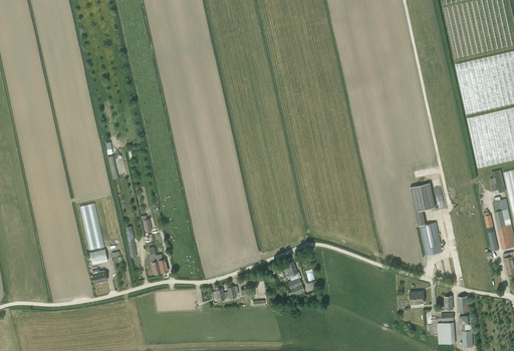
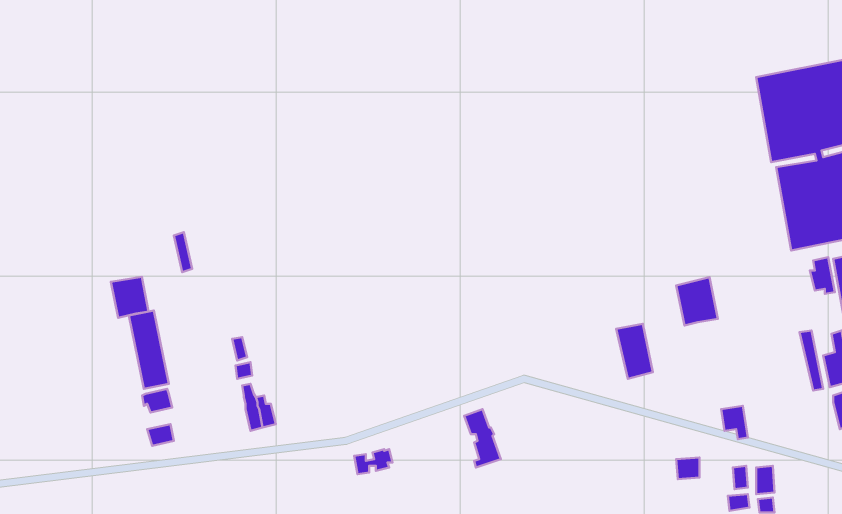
building: none -> [111,277,149,318]
building: [421,223,443,256] -> [616,324,653,379]

